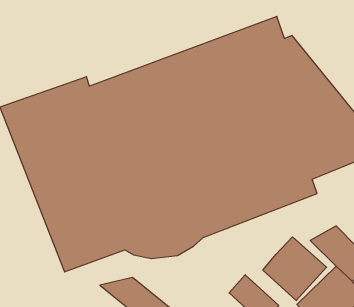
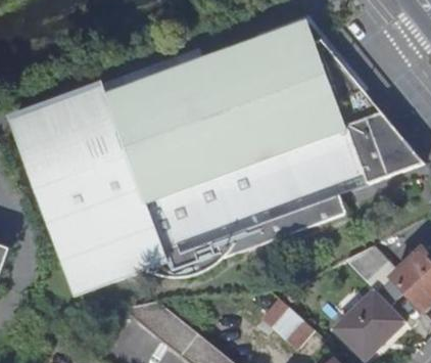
building: [263,237,327,301] -> none

